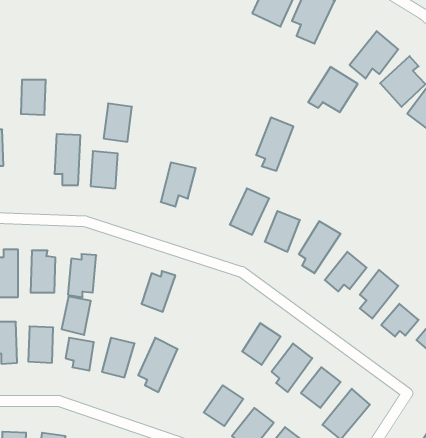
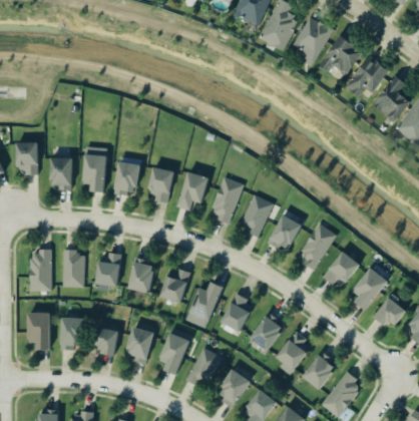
building: [308,67,358,112] -> [319,35,363,75]
building: [21,80,46,115] -> [50,157,72,188]
building: [104,103,132,142] -> [148,167,173,201]
building: [256,118,293,171] -> [211,176,244,224]
building: none -> [184,281,224,328]
building: [62,296,91,335] -> [128,259,154,293]
building: none -> [220,293,255,332]
building: none -> [186,347,222,388]

